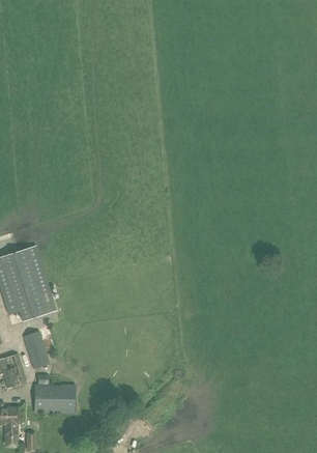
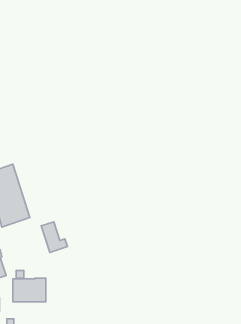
building: [23,331,55,368] -> [41,222,67,252]

